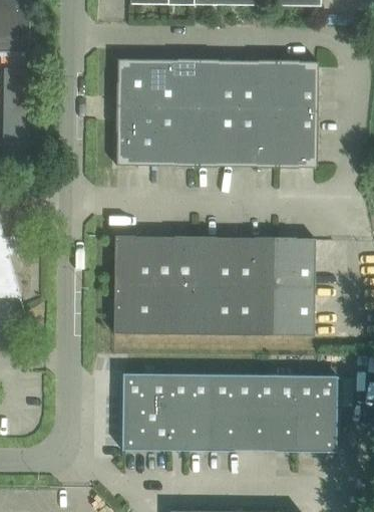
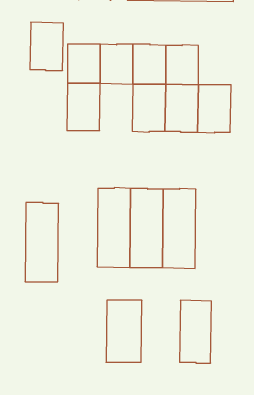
building: [278,60,318,108] -> none
building: [156,106,198,166] -> [30,22,63,70]
building: [113,235,154,332] -> [25,203,59,282]
building: [274,237,315,334] -> none
building: [121,372,165,450] -> none
building: [208,373,256,450] -> none
building: [293,374,337,451] -> none

